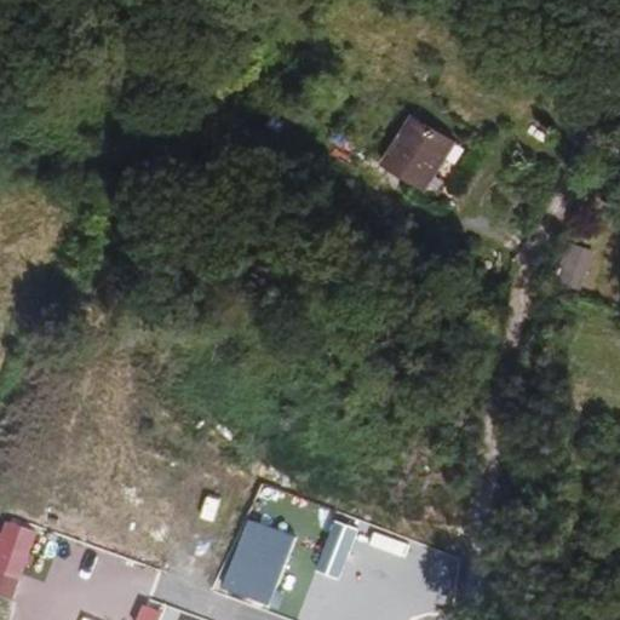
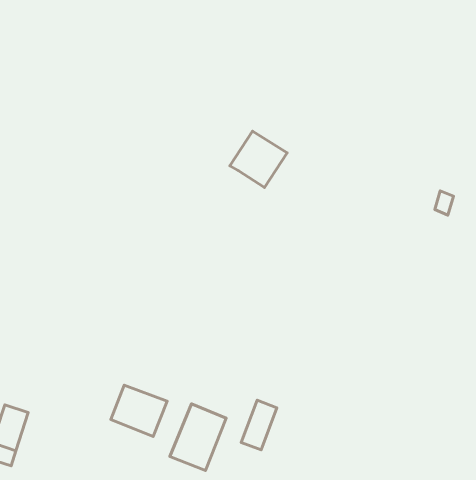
building: [381,114,455,186] -> [230,131,287,187]
building: none -> [111,385,167,436]

